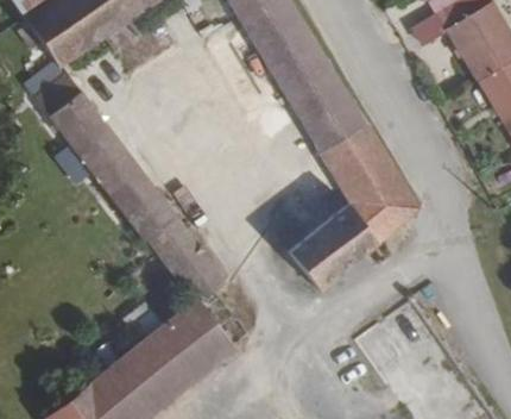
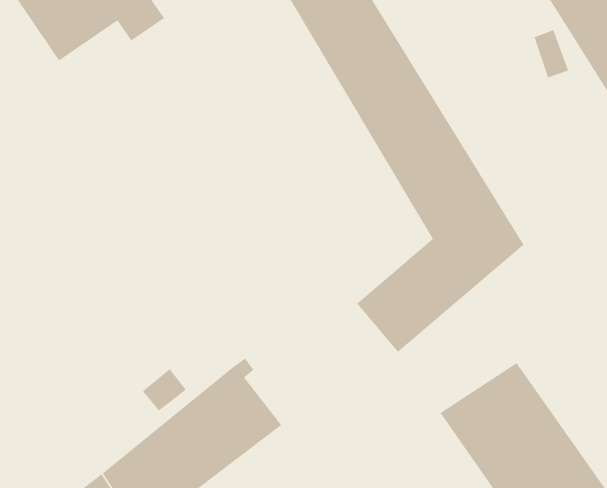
building: [36,74,228,302] -> none

